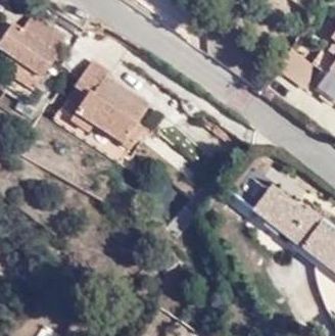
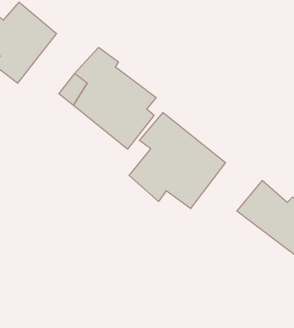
building: none -> [129,112,225,209]

